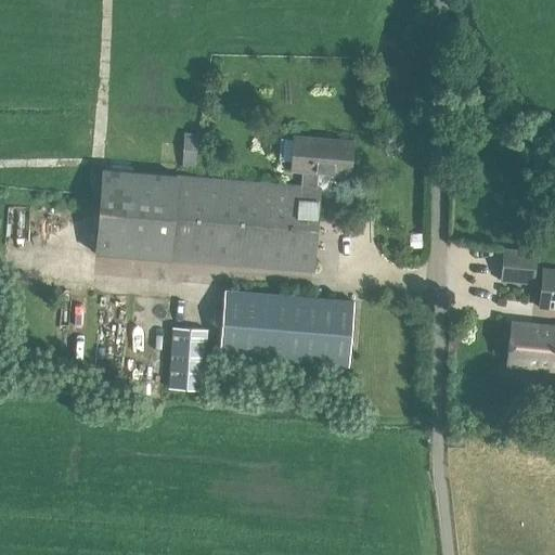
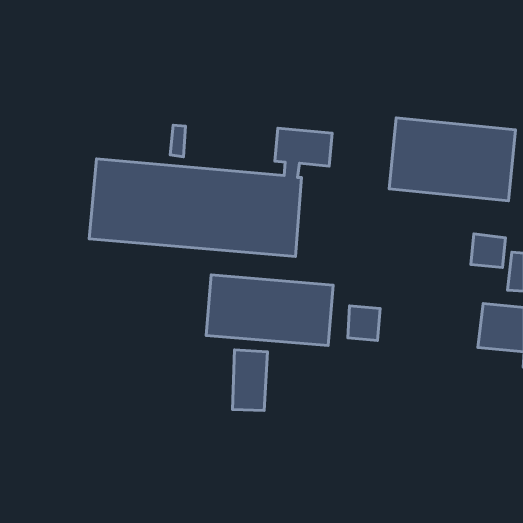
building: none -> [389,118,515,201]
building: none -> [348,306,380,340]
building: [170,327,207,391] -> [232,350,267,410]

